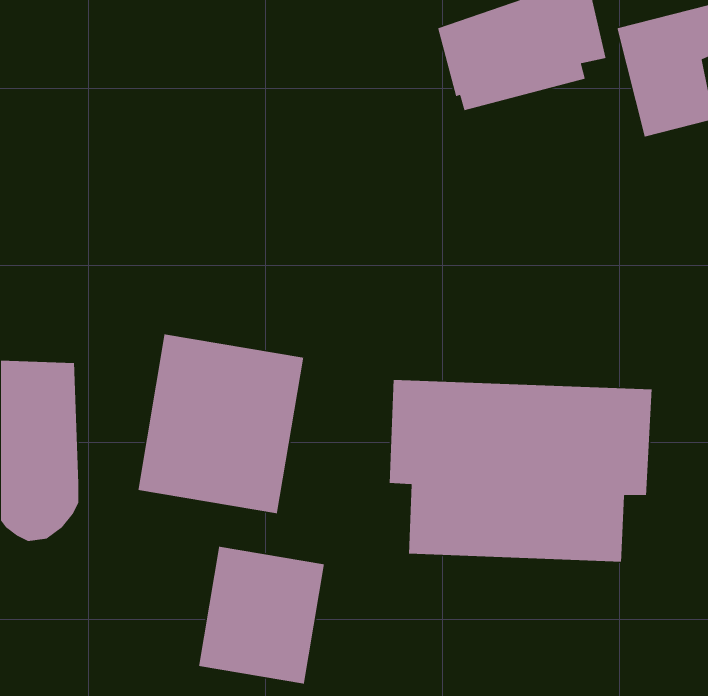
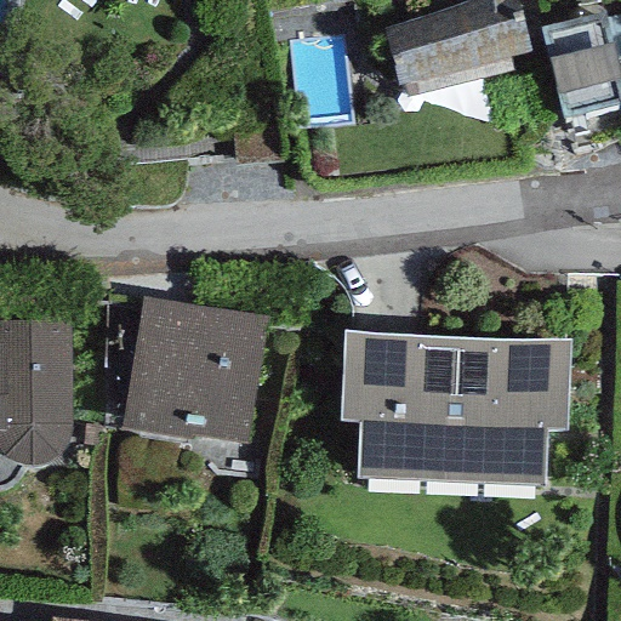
building: [198,546,325,684] -> none

